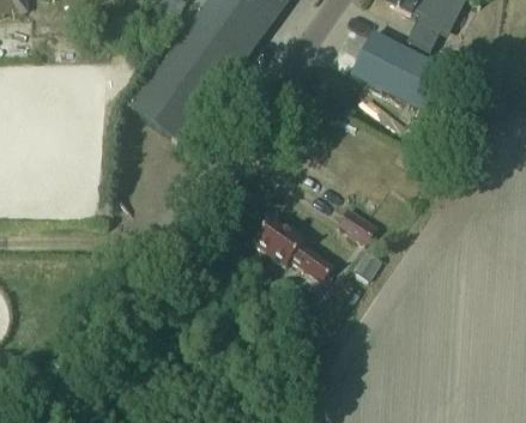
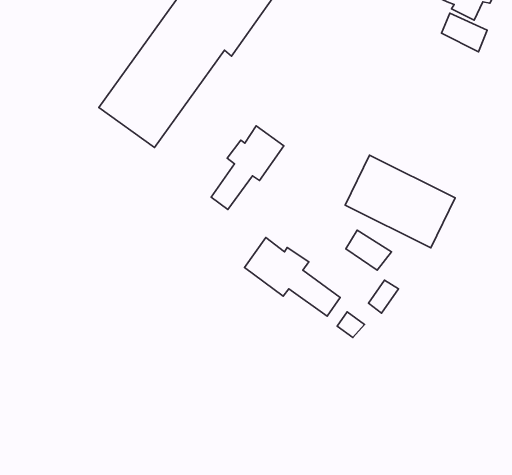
building: [350,31,442,109] -> [345,155,455,248]
building: none -> [211,126,284,210]

